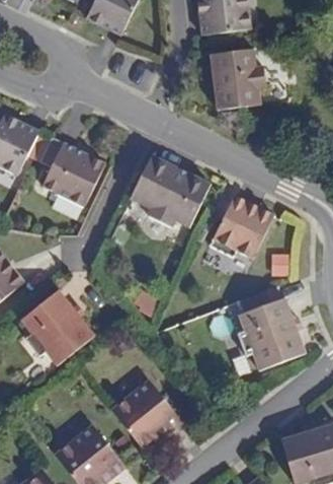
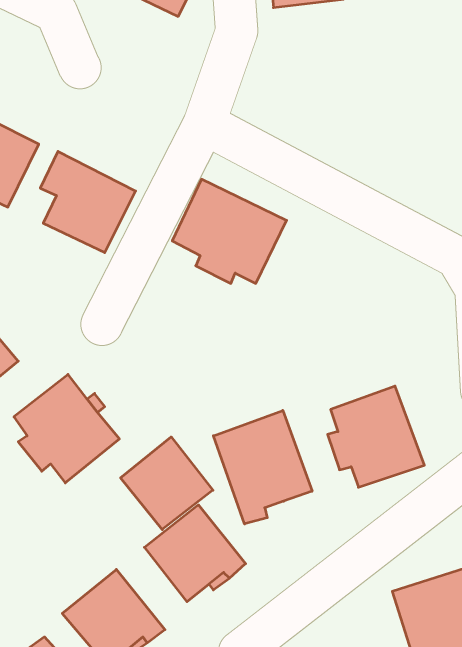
building: [210,48,265,110] -> none
building: [207,195,272,258] -> none
building: none -> [213,410,312,524]
building: none -> [121,437,213,530]

